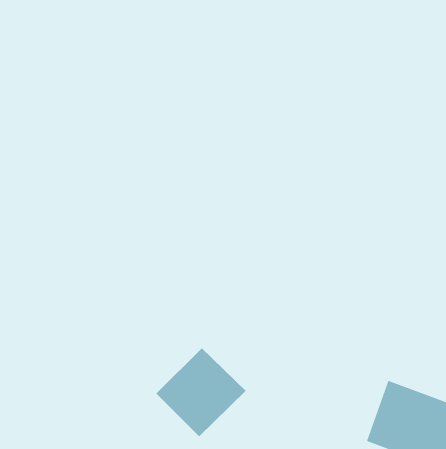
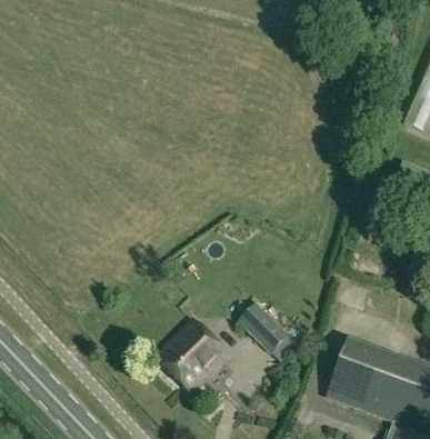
building: none -> [236,300,287,351]

